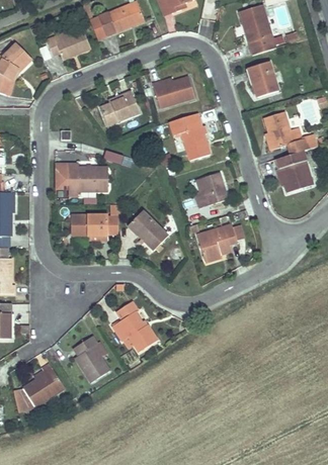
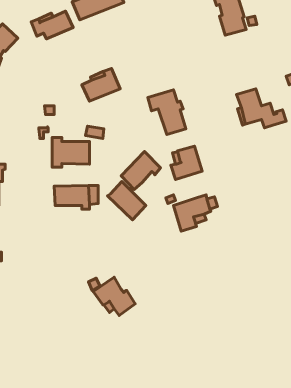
building: [250,61,277,96] -> none
building: [151,76,194,107] -> none
building: [275,150,313,192] -> none
building: none -> [121,152,161,190]
building: [73,336,109,381] -> none
building: [17,366,64,409] -> none

